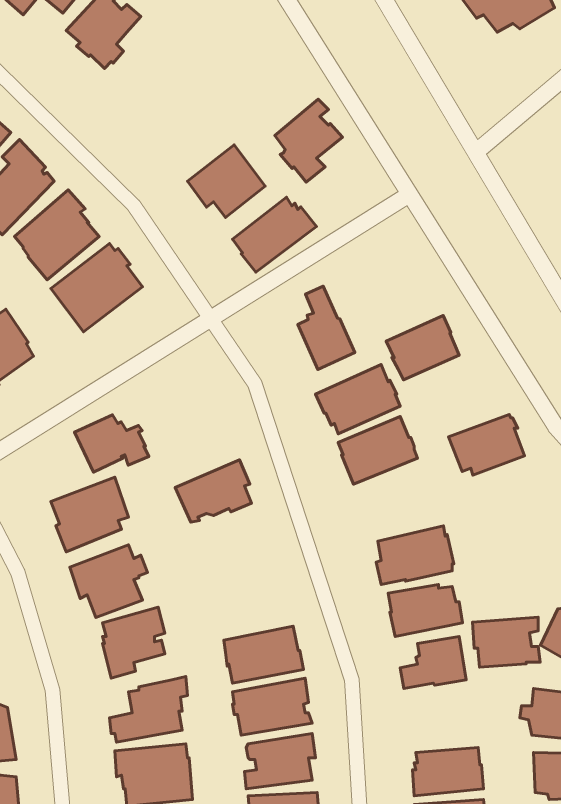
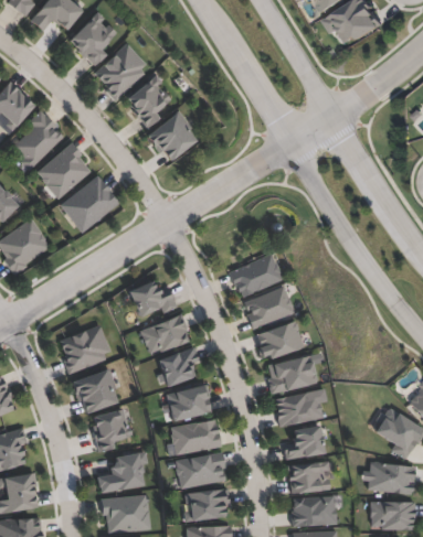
building: none -> [95,44,146,103]
building: [275,99,342,182] -> [128,75,171,128]
building: [233,197,316,272] -> none
building: [298,286,355,369] -> none
building: [386,316,459,380] -> none
building: [448,414,525,475] -> [255,321,304,359]
building: [75,415,149,472] -> [128,281,176,318]
building: none -> [158,347,198,388]
building: none -> [166,385,211,423]
building: [473,617,540,667] -> [286,462,329,494]

